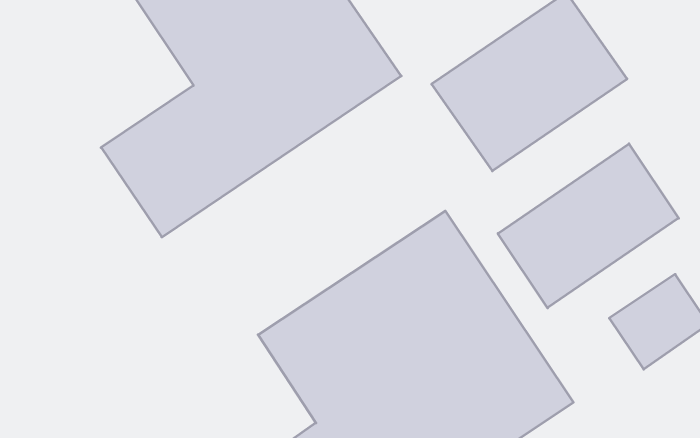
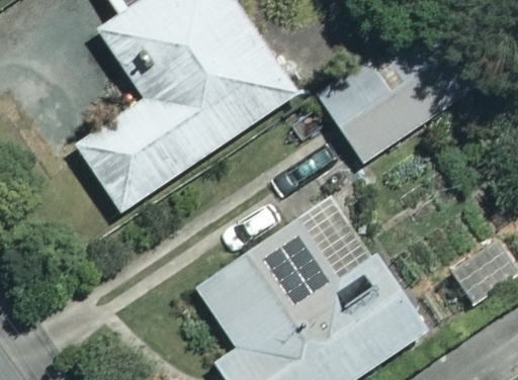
building: [498,144,679,308] -> none

